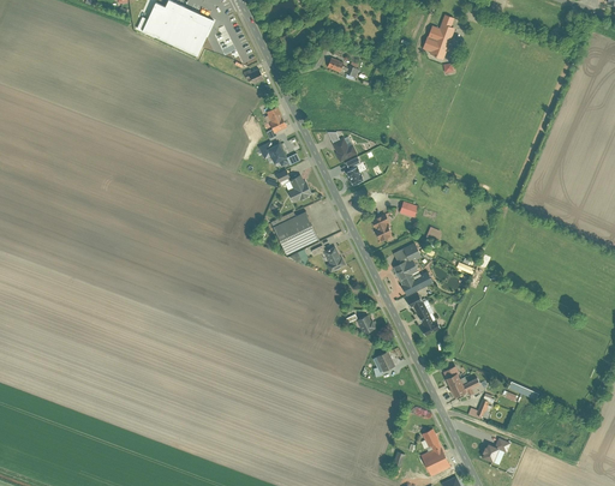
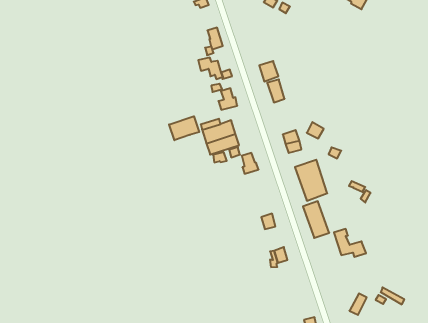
building: none -> [169,116,199,140]
building: [442,365,483,396] -> [334,229,366,257]

